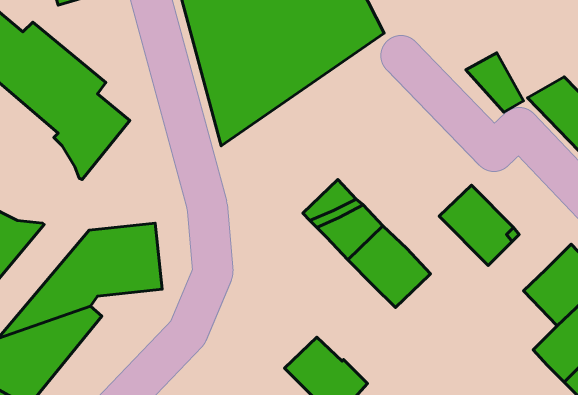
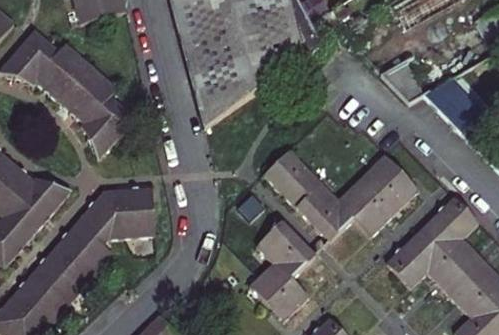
building: none -> [334,177,392,237]
building: none -> [253,221,313,280]
building: none -> [383,230,441,288]

